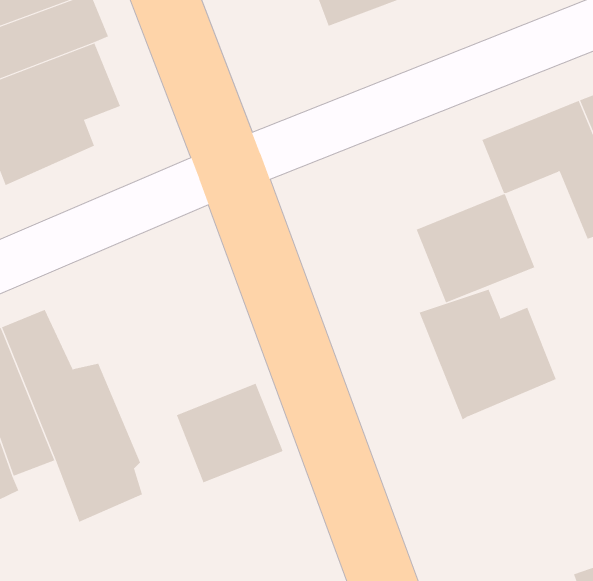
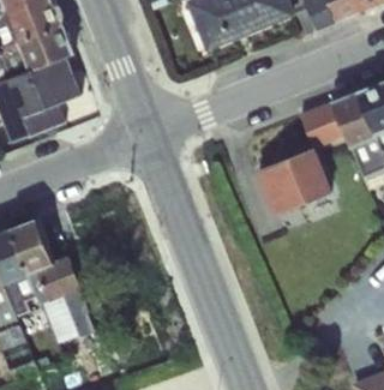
building: [419,289,556,420] -> none
building: [176,383,283,483] -> none

